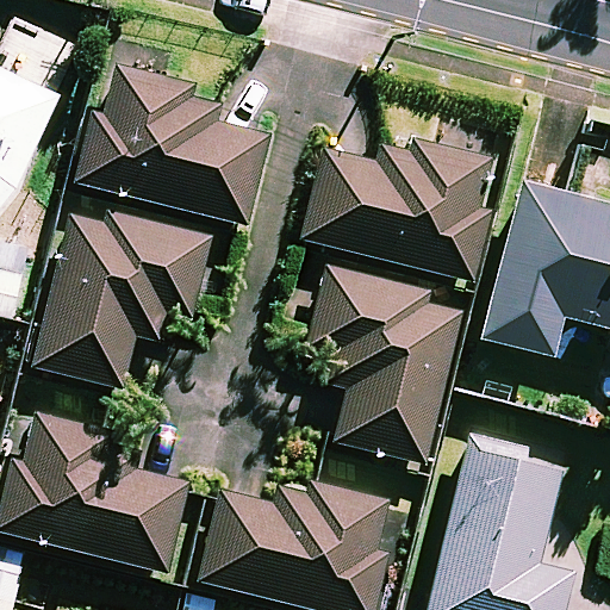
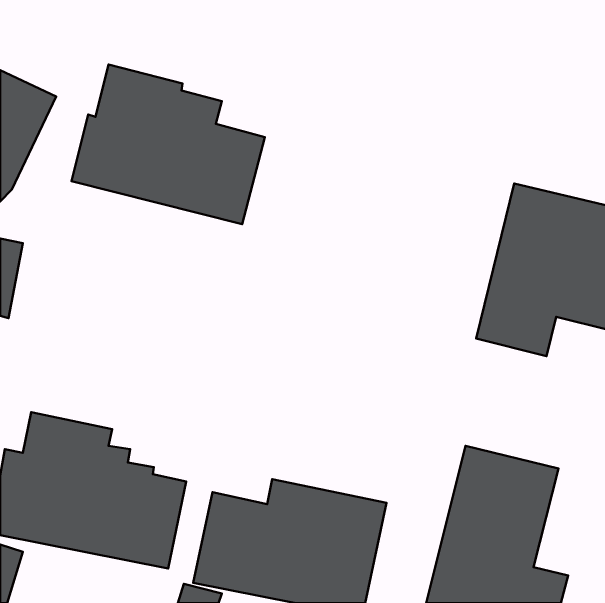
building: [300,138,496,286] -> none
building: [32,204,210,388] -> none
building: [306,266,465,463] -> none

